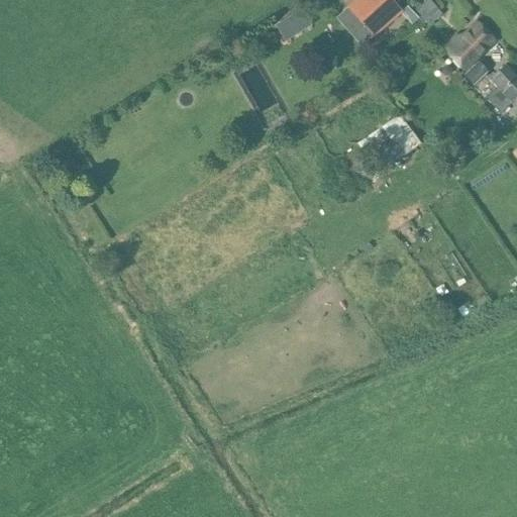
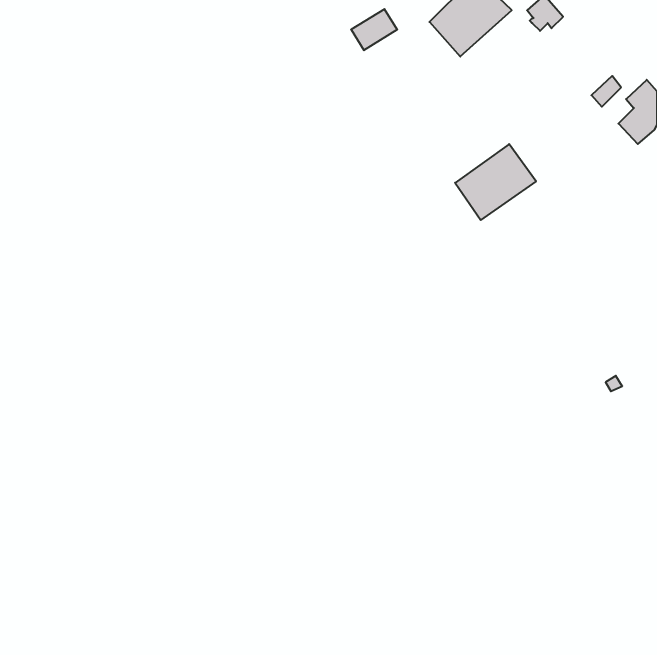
building: [445,22,493,67] -> none

